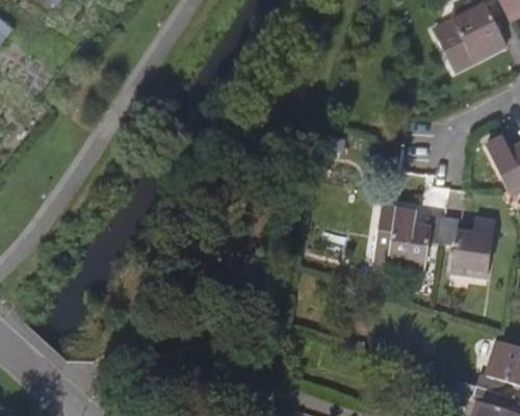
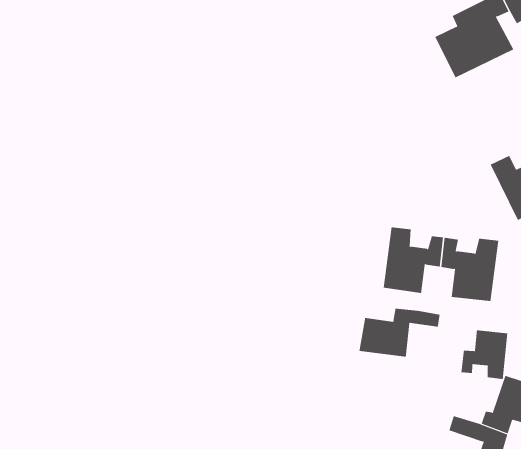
building: none -> [359,308,440,358]
building: none -> [461,329,508,380]

